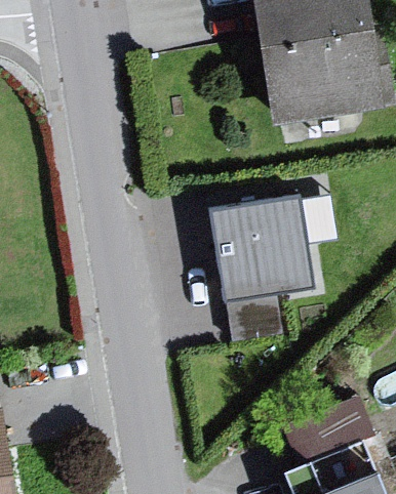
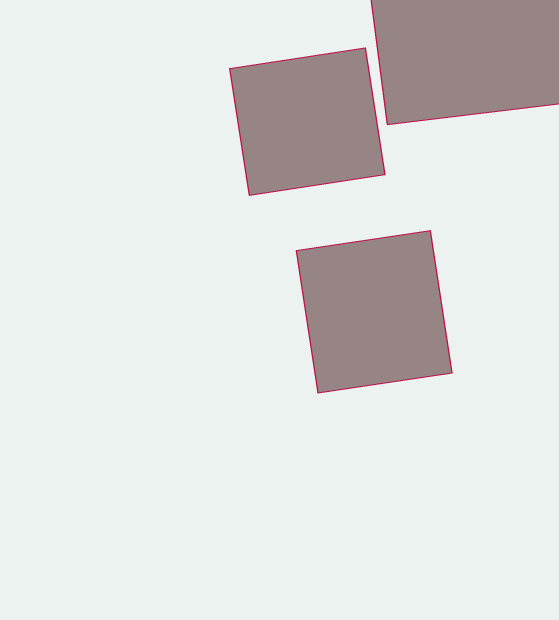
building: none -> [230,48,385,195]

